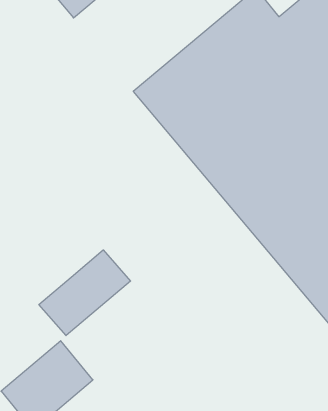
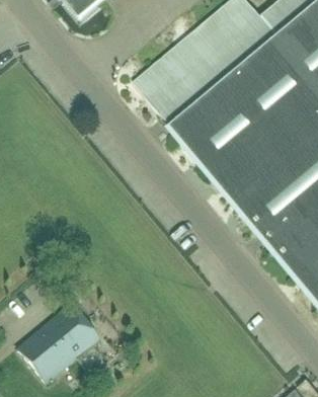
building: [39,250,131,336] -> none

